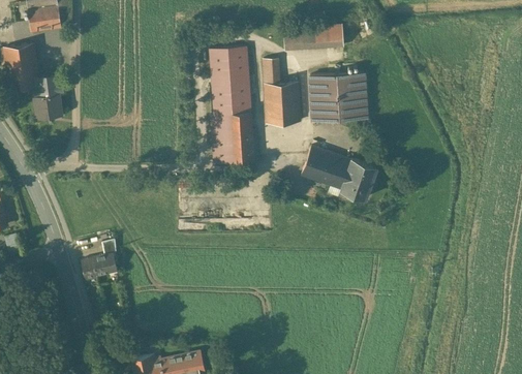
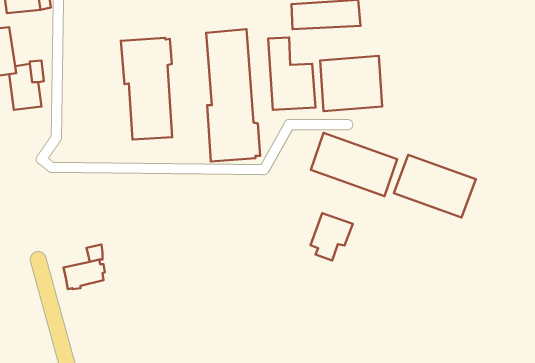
building: none -> [121,38,172,139]
building: none -> [394,155,476,217]
building: none -> [311,213,353,261]

